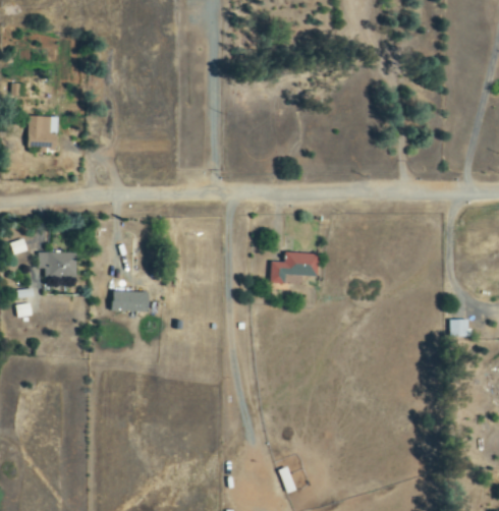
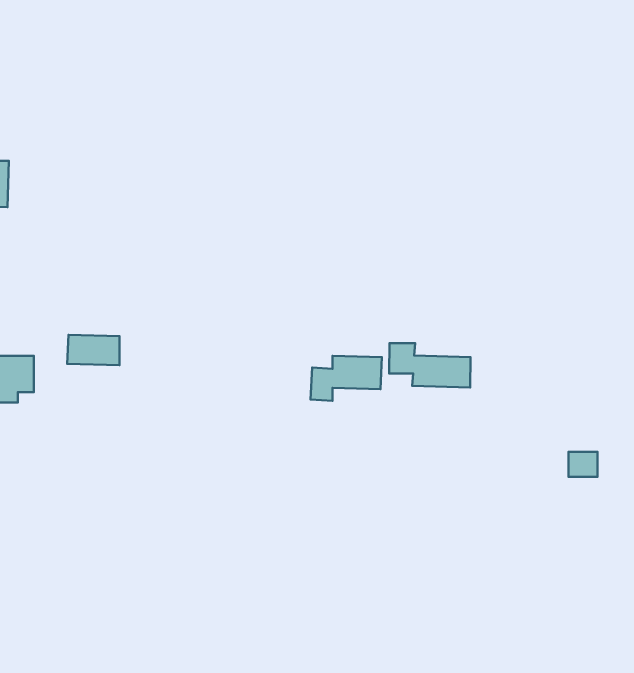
building: none -> [389,343,471,387]
building: [112,290,149,311] -> [67,335,120,365]

